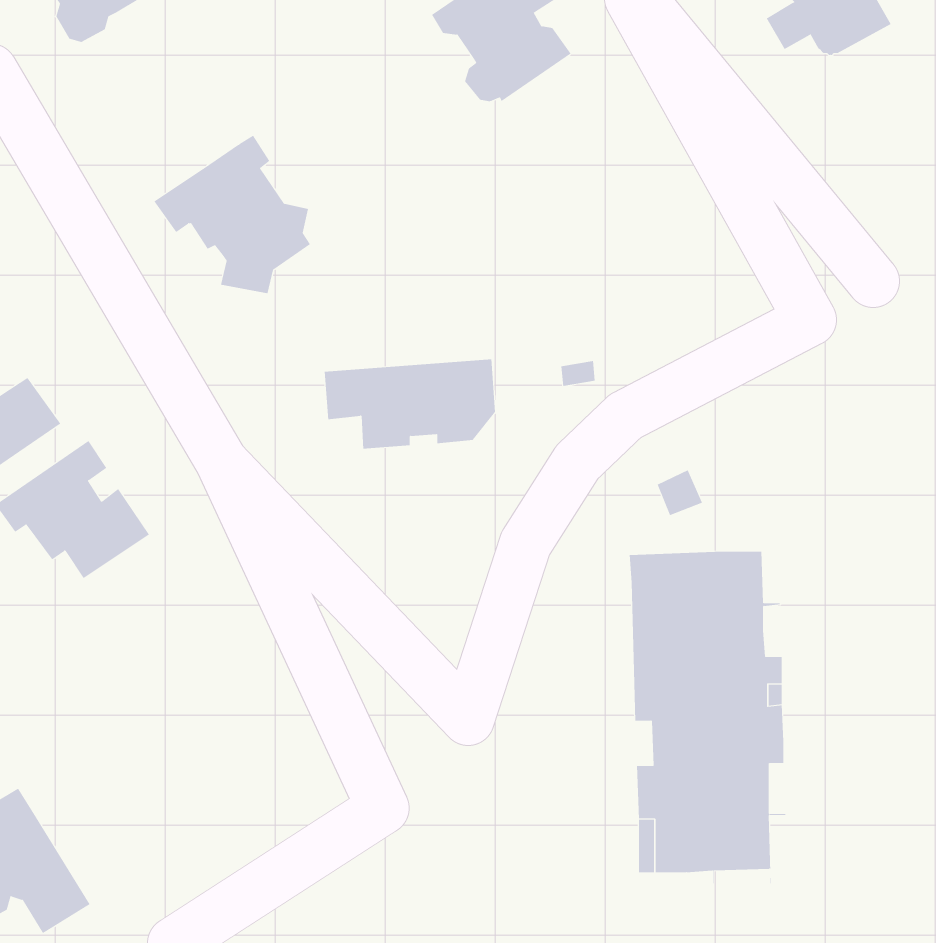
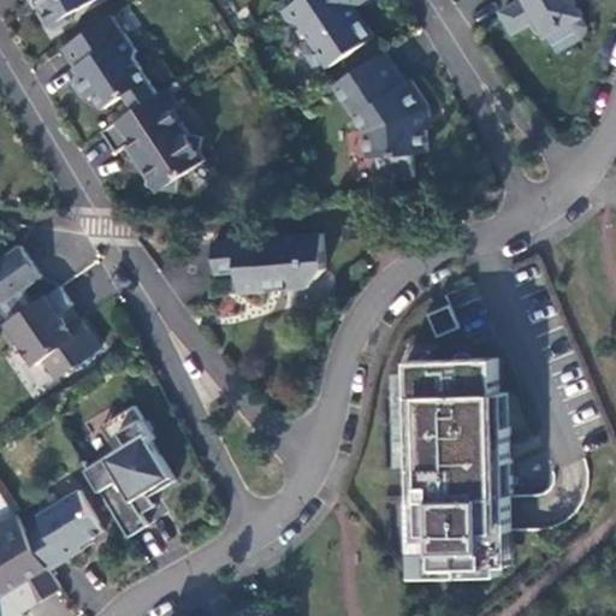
building: none -> [61,14,155,109]
building: none -> [332,51,427,178]
building: none -> [85,407,173,539]
building: none -> [24,490,102,569]

